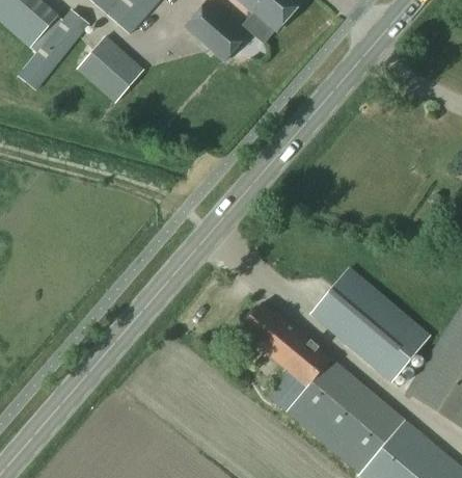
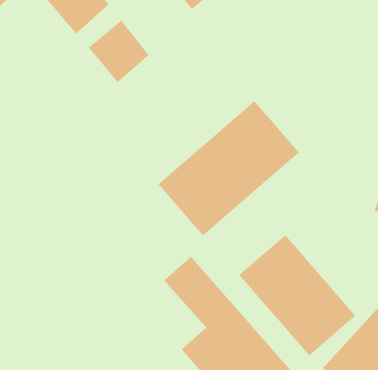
building: none -> [88,20,150,83]
building: none -> [158,100,300,237]

